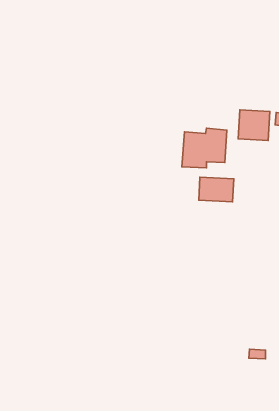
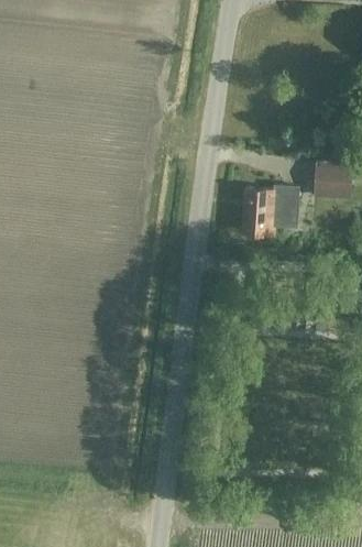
building: [199,177,234,202] -> none

